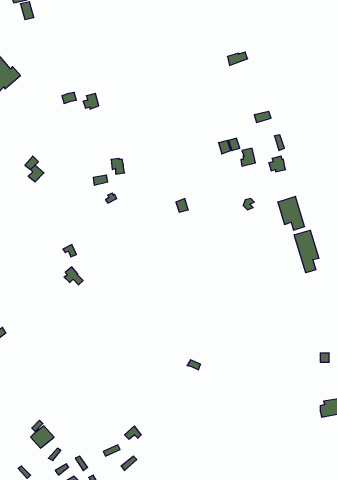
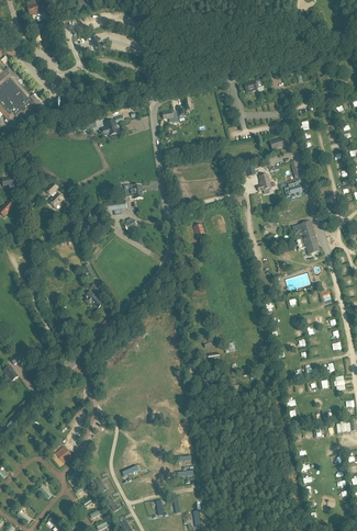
building: [294,230,319,273] -> none

